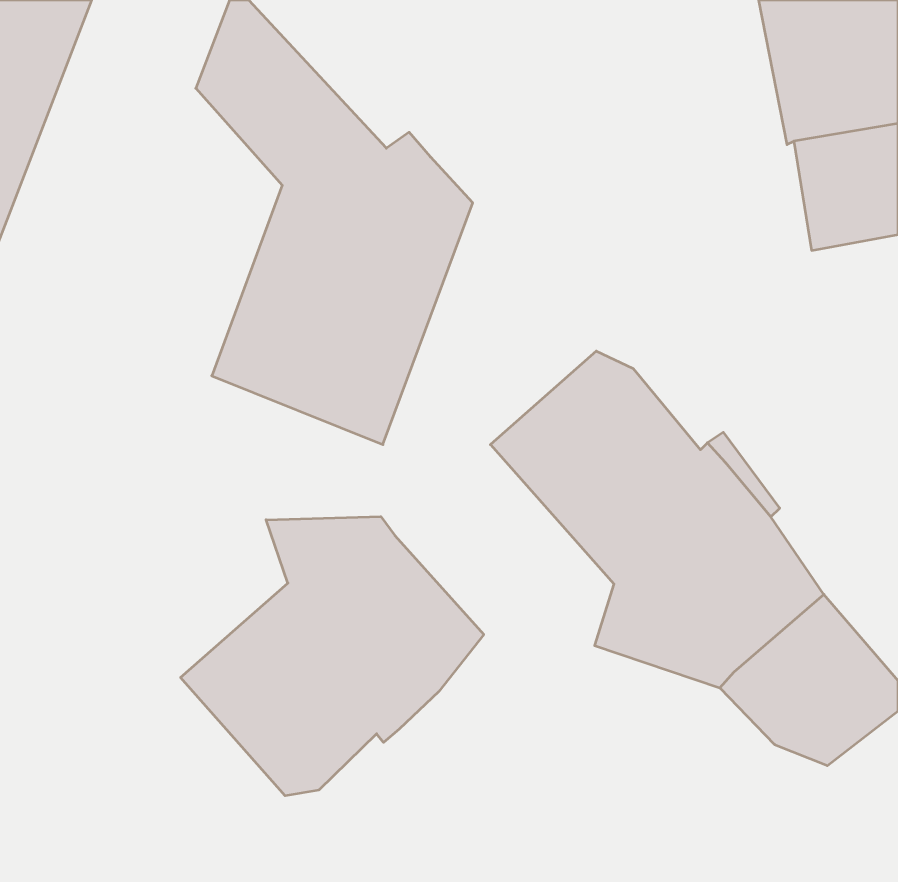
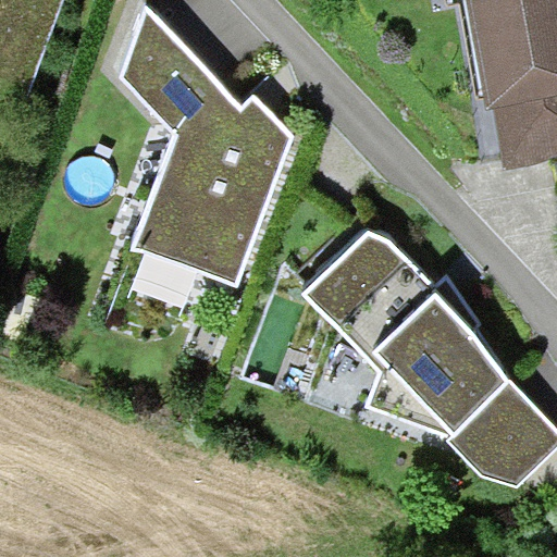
building: [181,517,484,796] -> none

